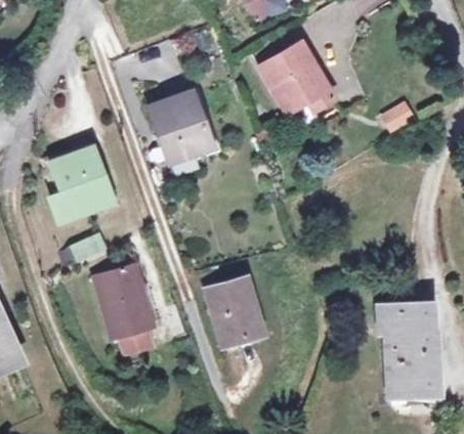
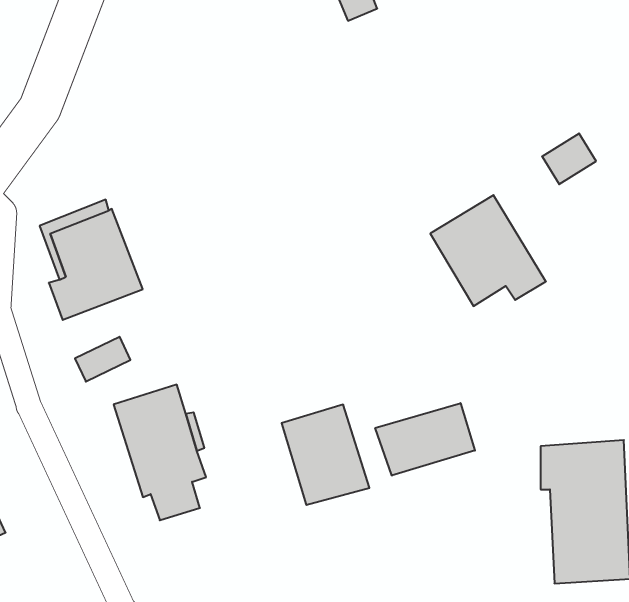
building: [259,40,336,114] -> [430,195,546,306]
building: [147,91,213,164] -> none
building: none -> [375,403,475,476]

